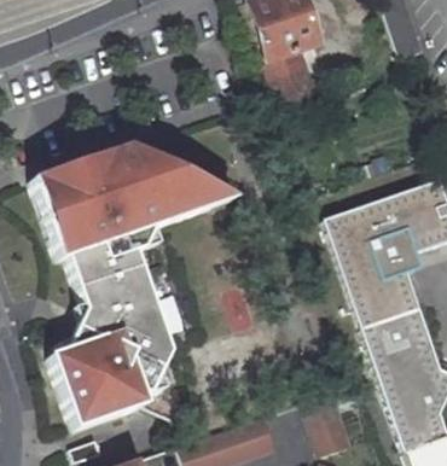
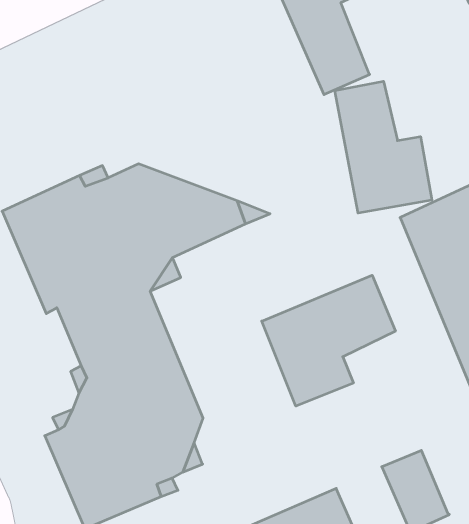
building: none -> [335,81,432,213]
building: none -> [262,275,395,406]

